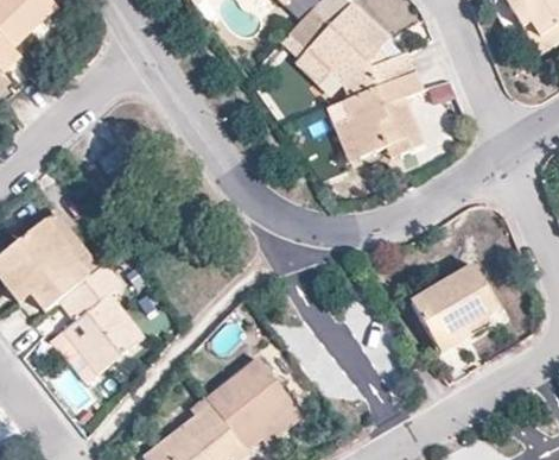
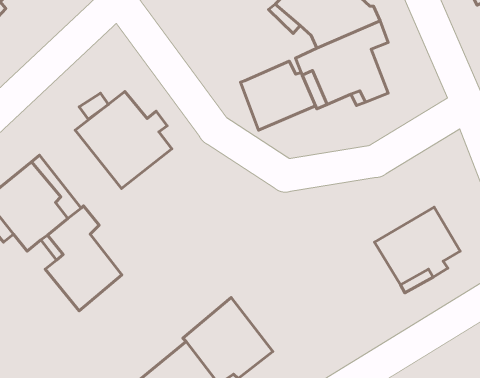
building: none -> [240,61,315,130]
building: none -> [75,92,172,188]

